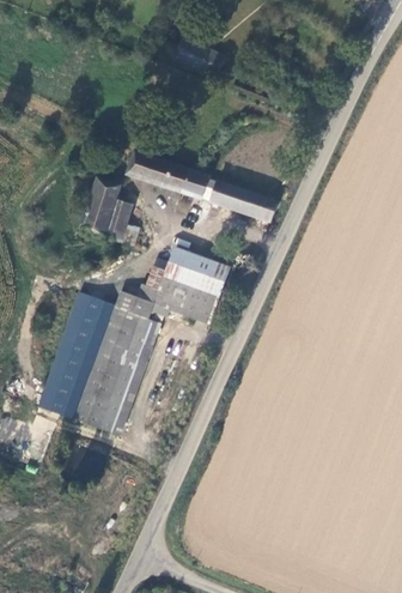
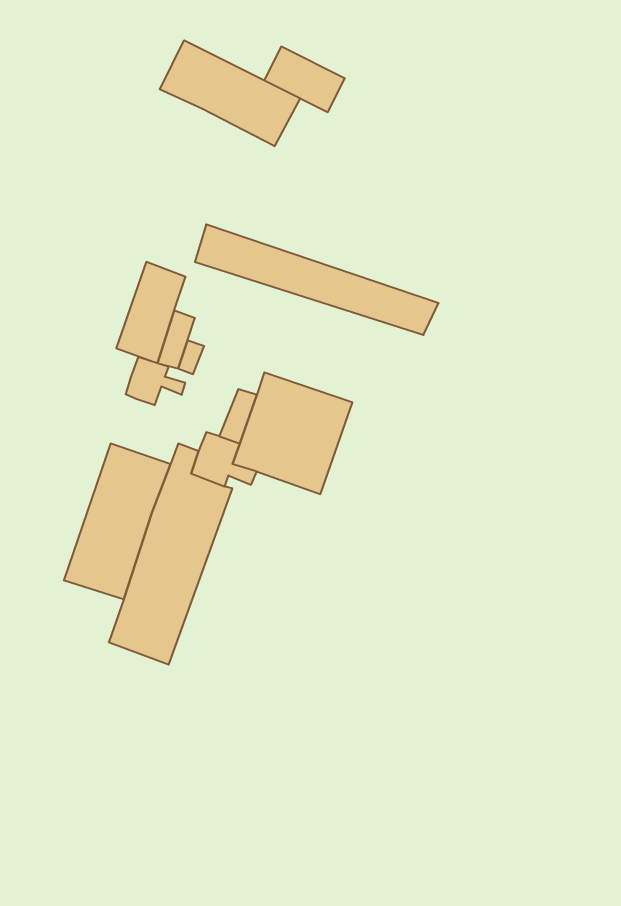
building: none -> [160,40,300,146]
building: none -> [126,357,185,405]
building: [36,380,84,419] -> none

